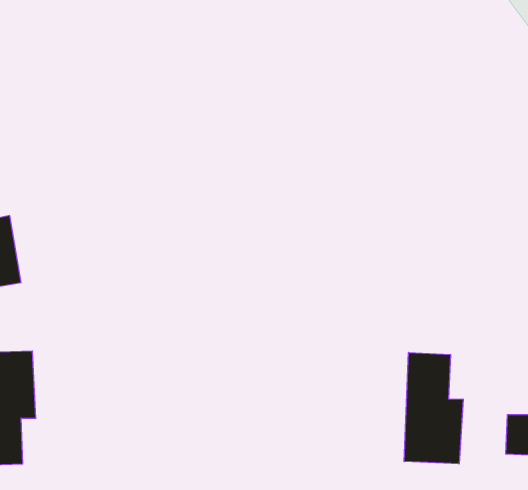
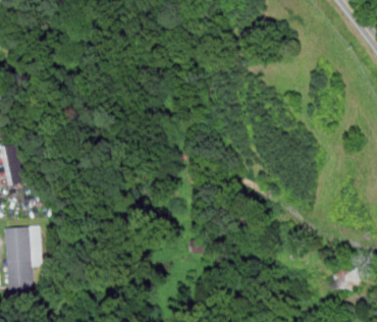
building: [404,352,463,464] -> none

